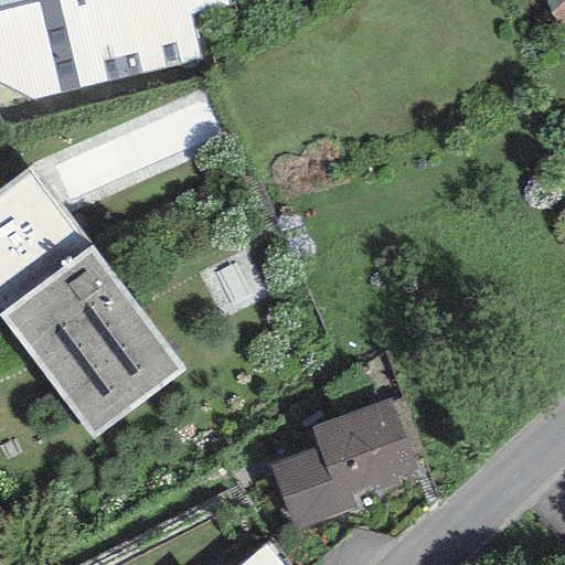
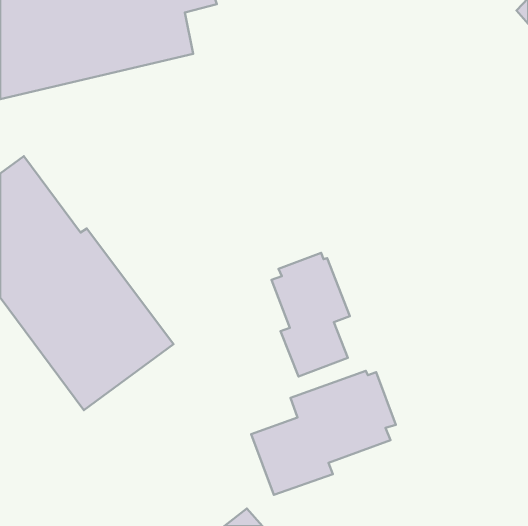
building: none -> [271,253,350,376]

